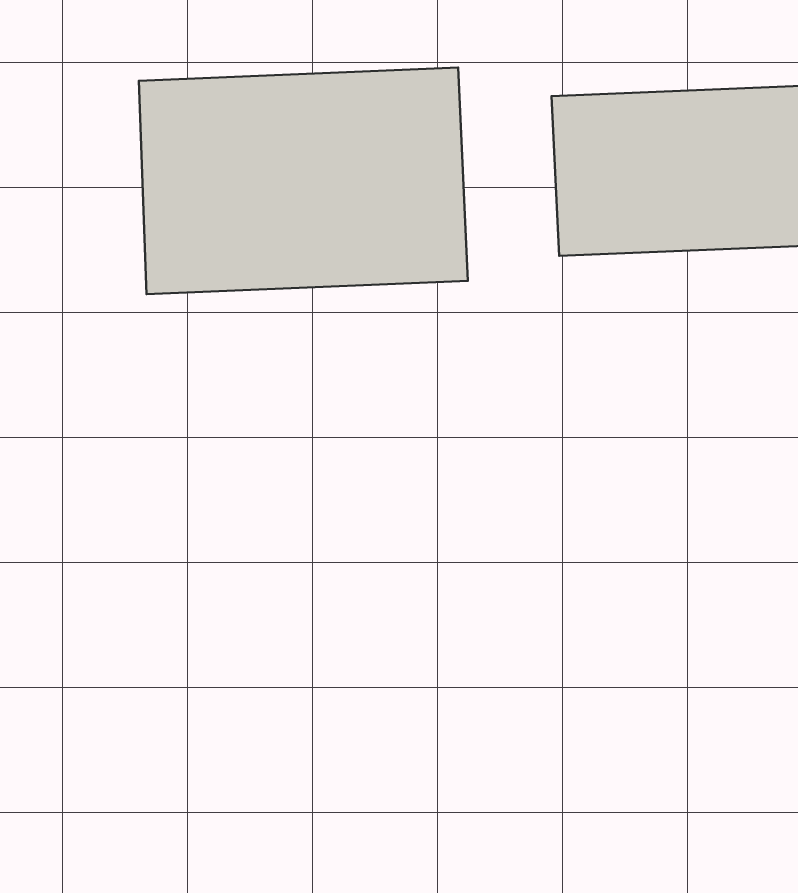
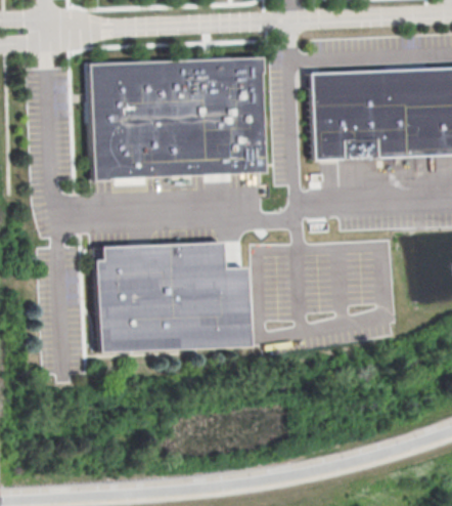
building: none -> [97,241,250,350]

